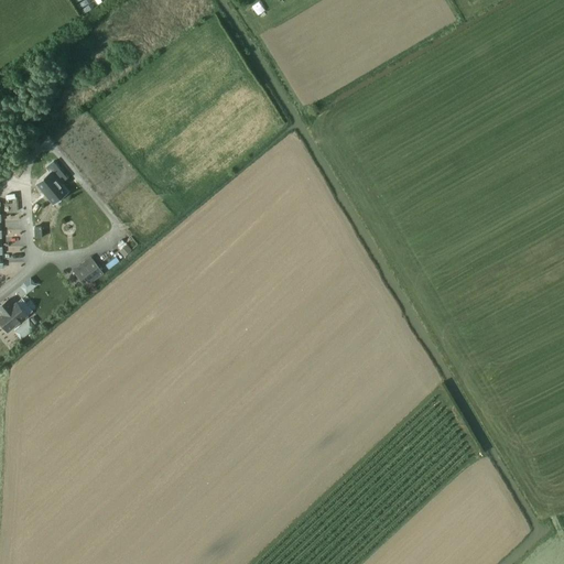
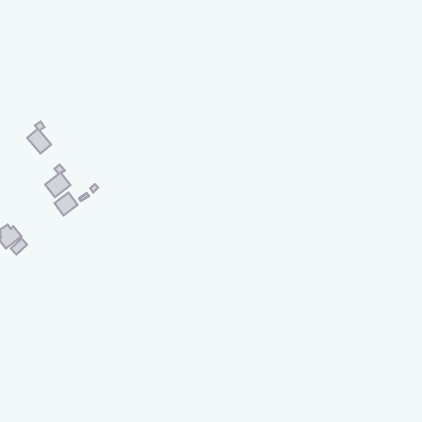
building: none -> [45,164,70,197]

